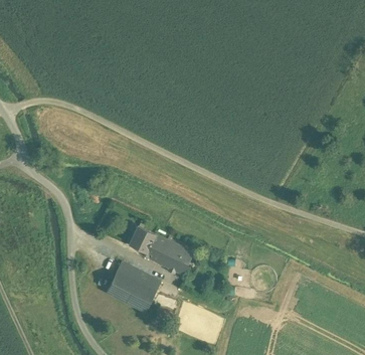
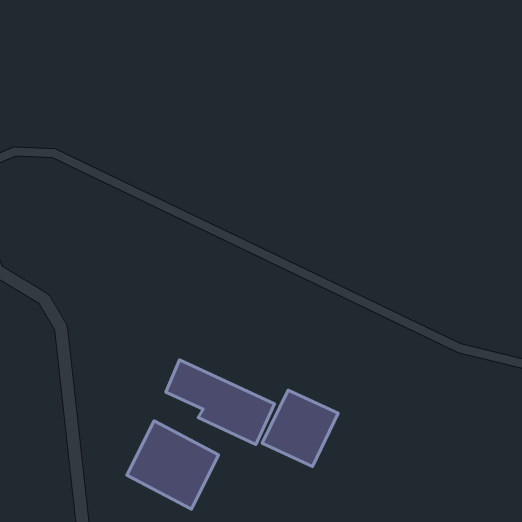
building: none -> [262,390,338,466]

